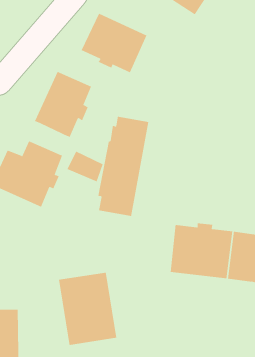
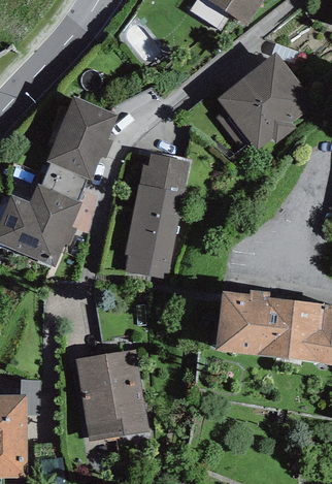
building: [81,13,147,73] -> none
building: none -> [215,52,316,151]
building: [67,151,104,182] -> [40,163,87,202]

